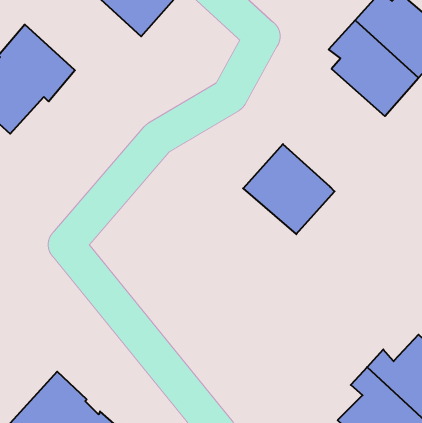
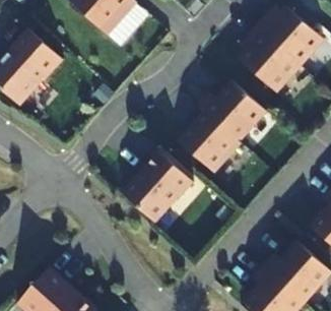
building: none -> [199,80,266,140]
building: none -> [124,151,194,222]

